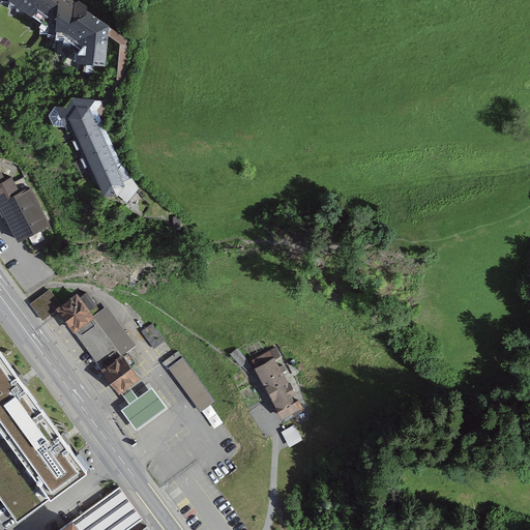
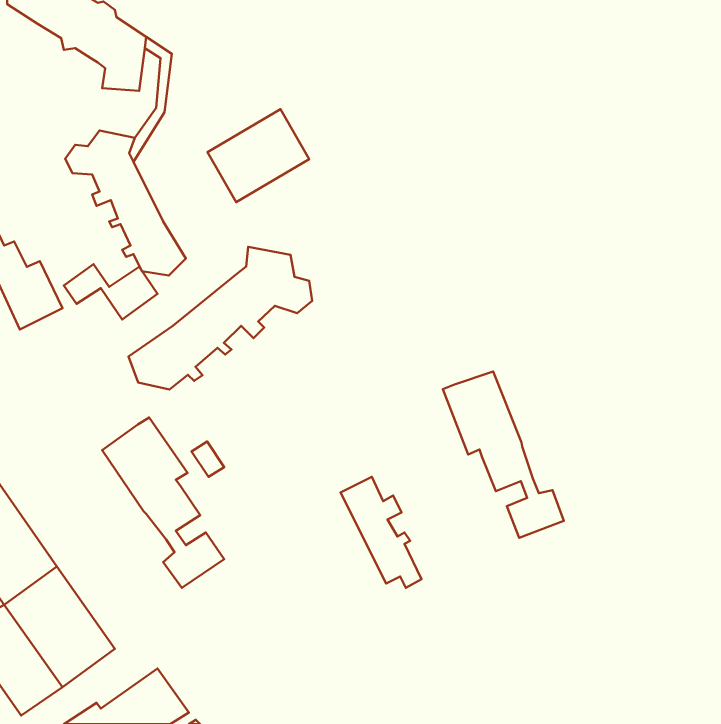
building: none -> [208,109,309,202]
building: none -> [129,247,312,390]
building: none -> [443,371,564,538]
building: [32,288,100,328] -> [64,264,158,319]
building: [161,349,213,410] -> none

